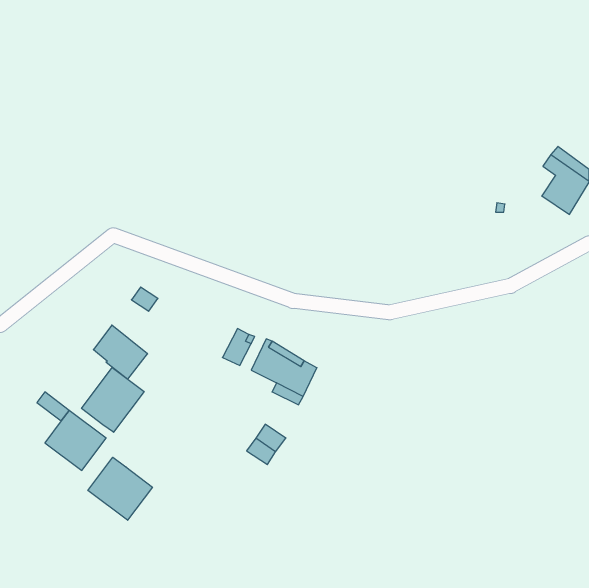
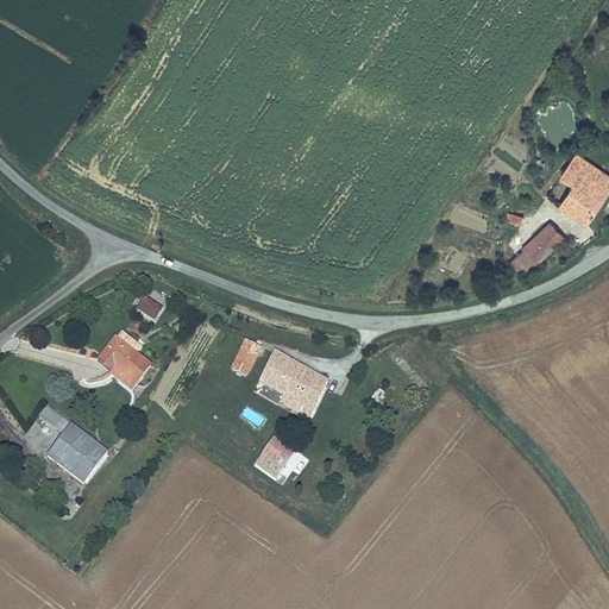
building: none -> [508,218,560,270]
building: [82,368,144,432] -> none
building: [88,457,152,520] -> none

